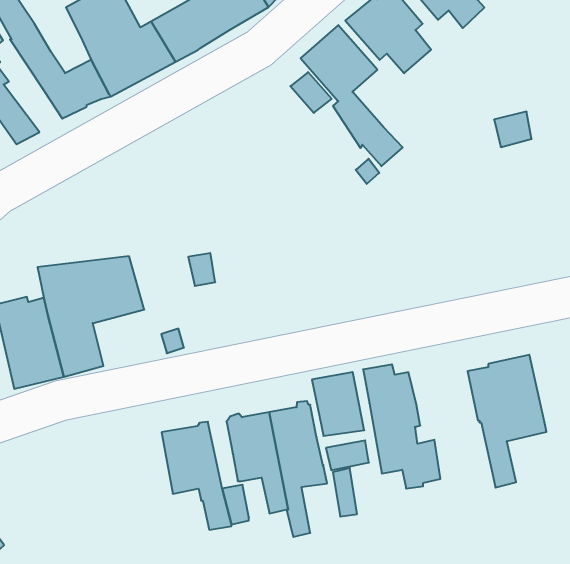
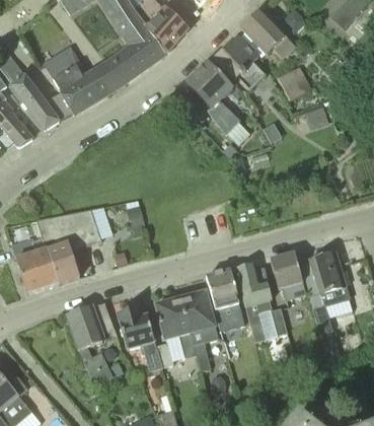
building: none -> [278,67,307,98]
building: none -> [271,252,307,299]
building: none -> [66,301,124,384]

